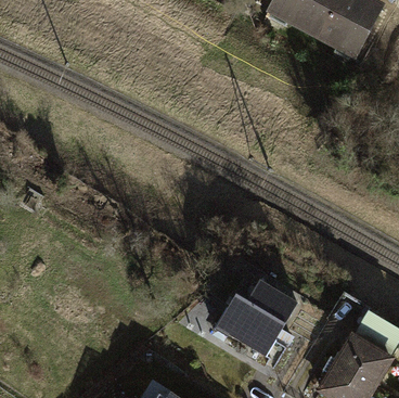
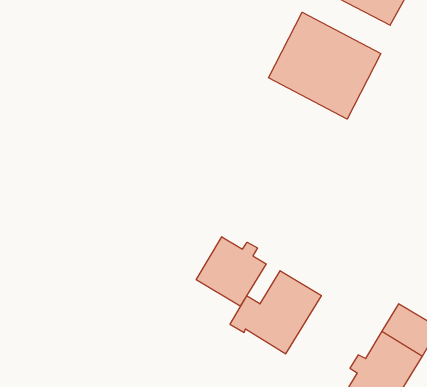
building: none -> [268,12,381,119]
building: none -> [196,237,266,306]

